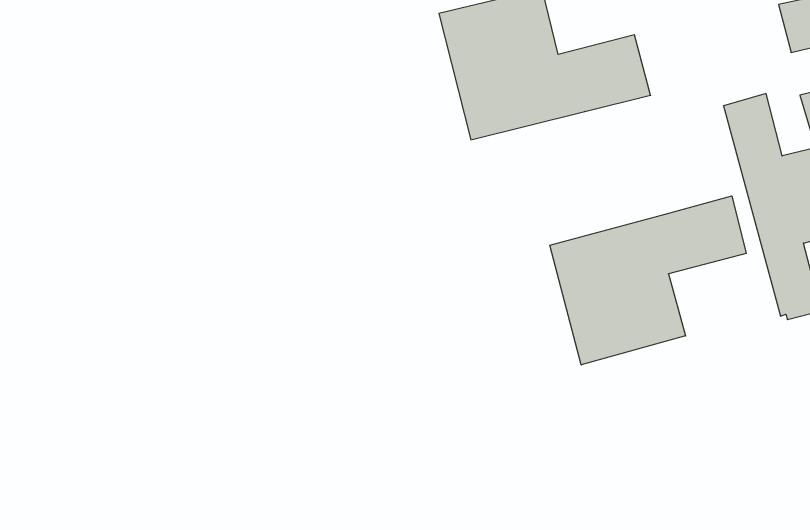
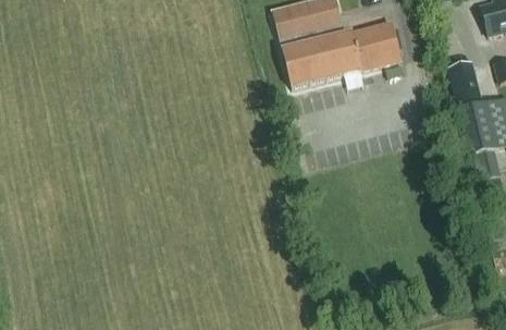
building: [550,196,746,365] -> none

